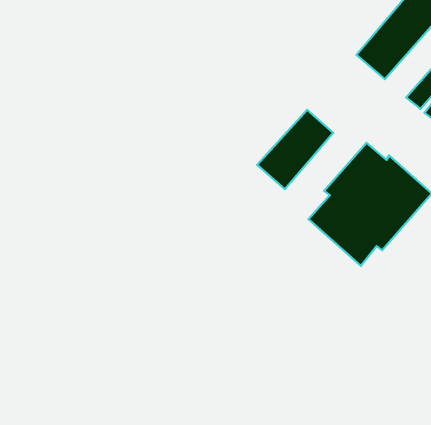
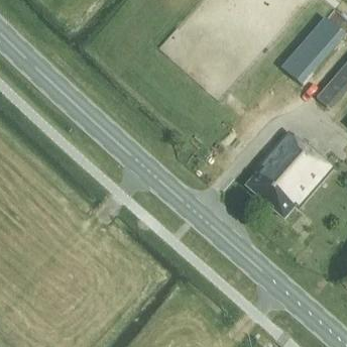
building: [257,110,333,189] -> none

